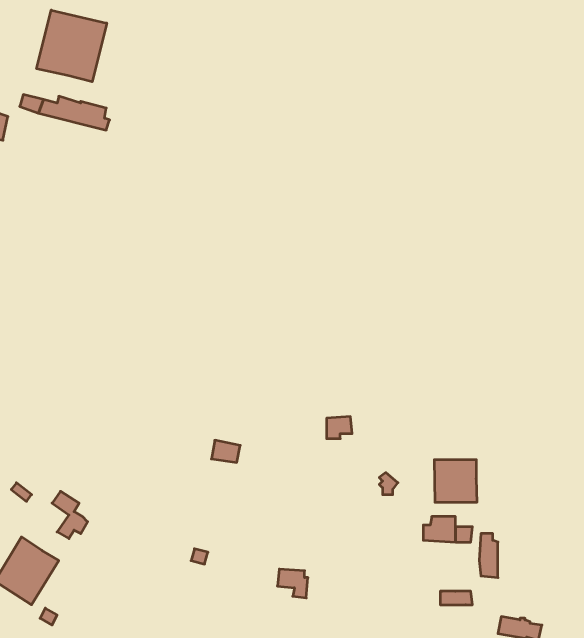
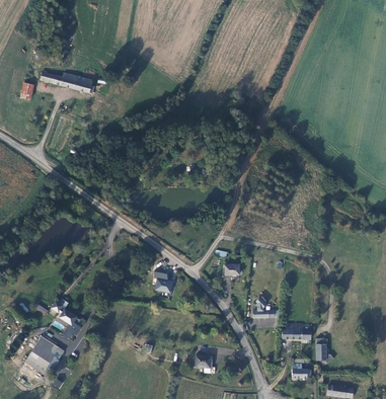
building: [37,10,107,82] -> none
building: [434,460,477,502] -> none

